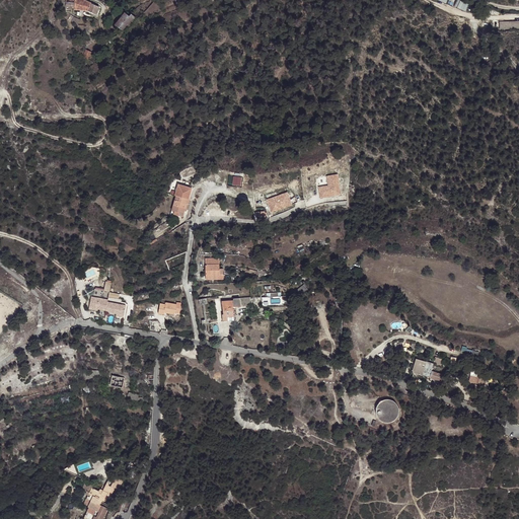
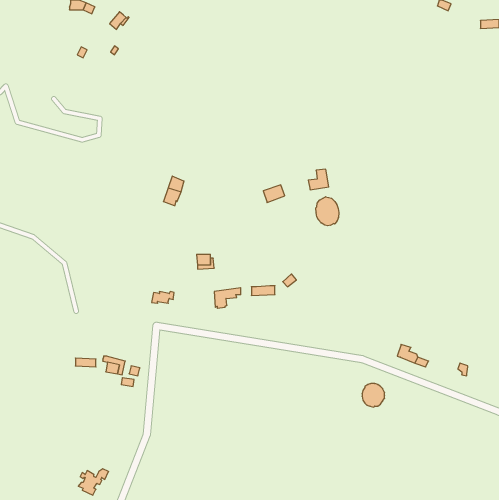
building: none -> [316,197,339,226]
building: [87,282,125,317] -> none

